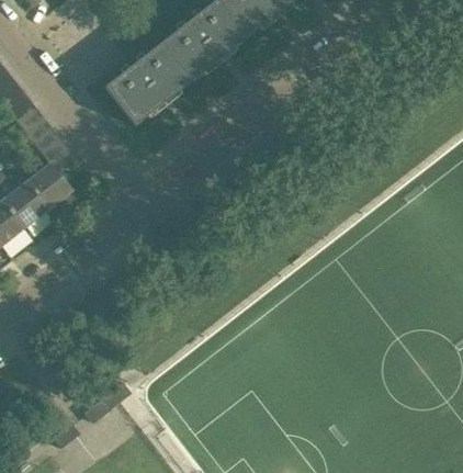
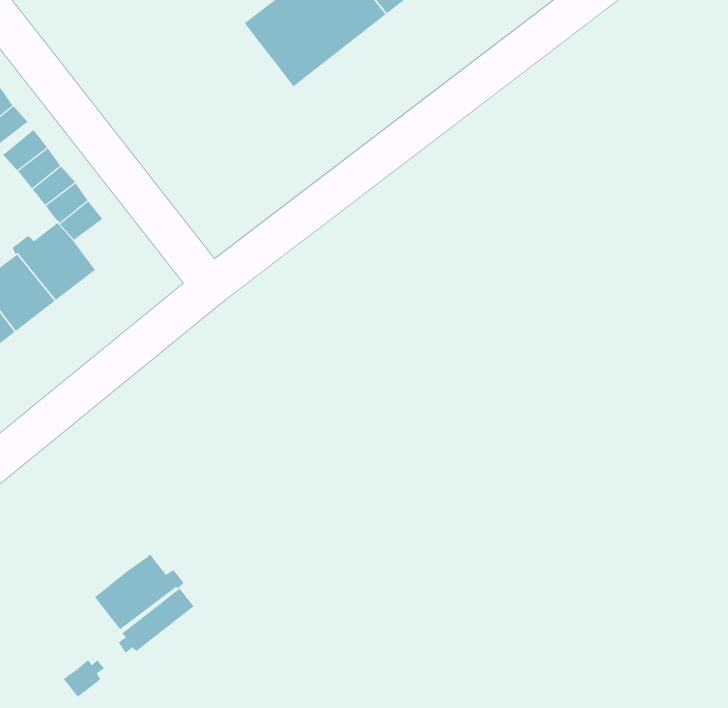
building: [104,43,191,125] -> none
building: none -> [94,552,184,630]

